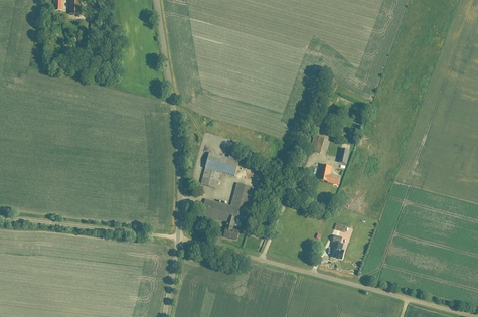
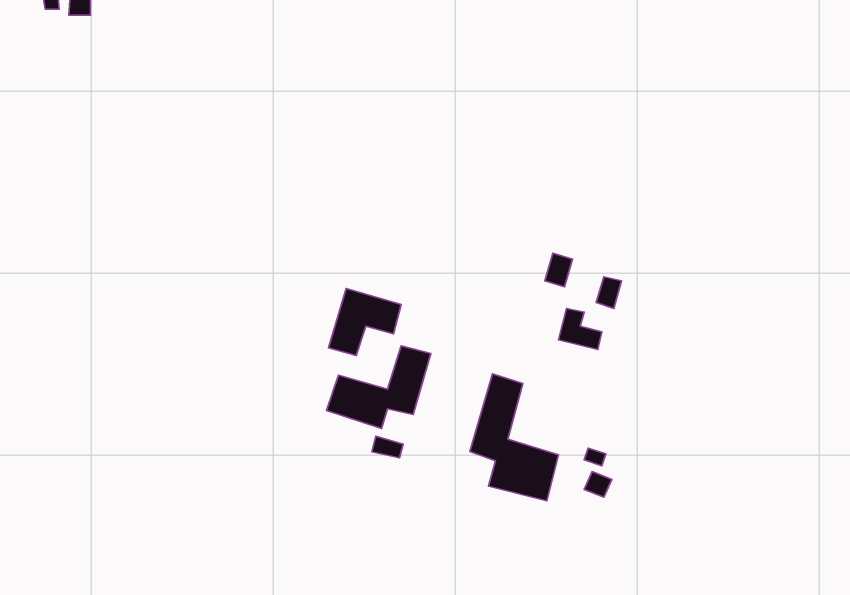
building: none -> [470,374,559,501]

